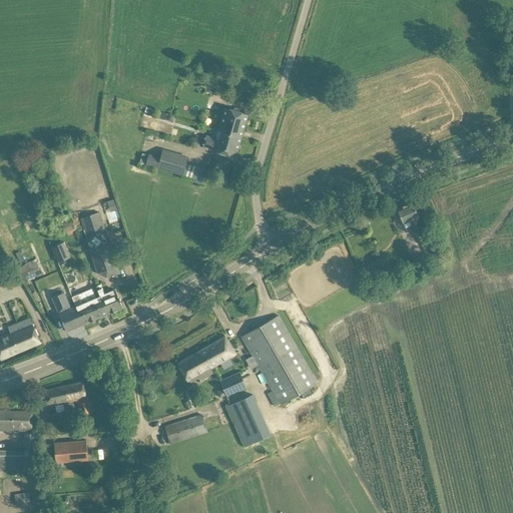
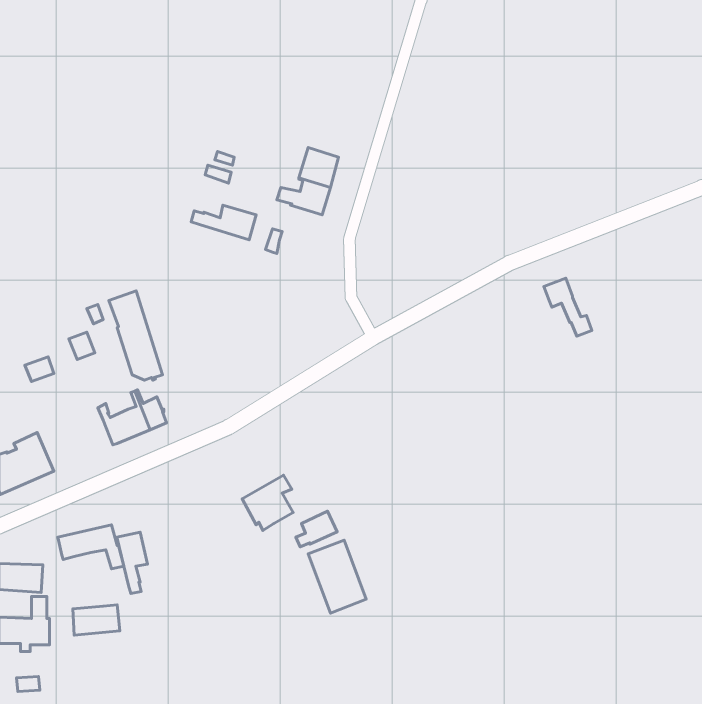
building: [51,292,82,332] -> none
building: [240,316,317,408] -> none
building: [205,336,235,368] -> none
building: none -> [117,532,148,593]
building: [164,414,206,443] -> none

